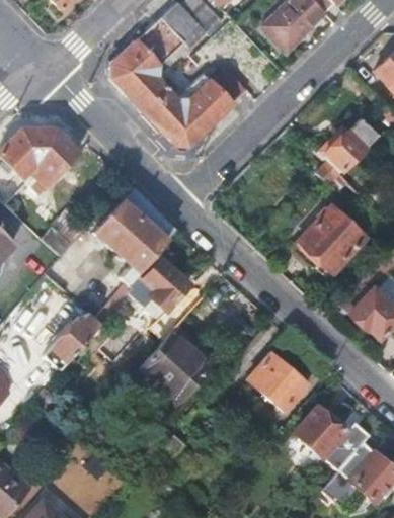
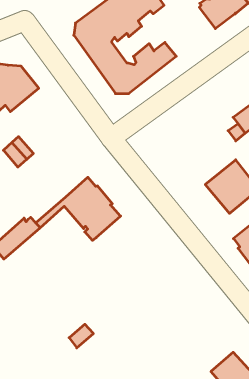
building: [96,186,175,281] -> none
building: [137,326,212,404] -> none
building: [246,353,306,412] -> none
building: [293,408,368,472] -> none

